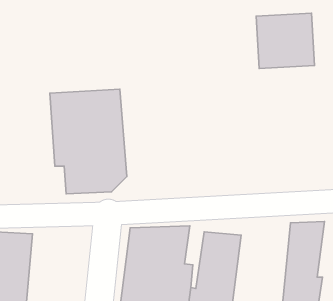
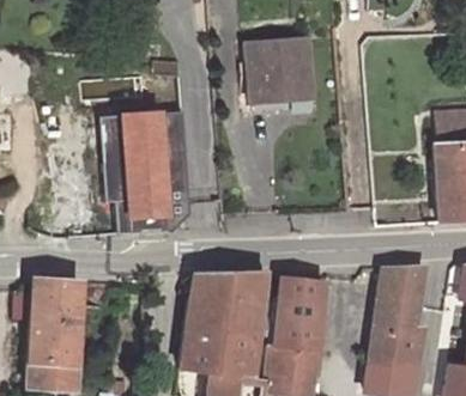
building: [256,13,315,69] -> [246,37,314,102]

